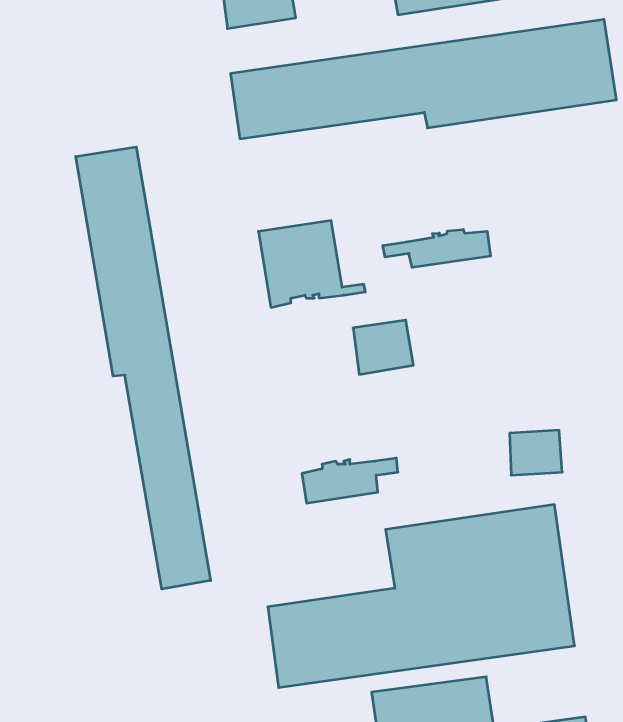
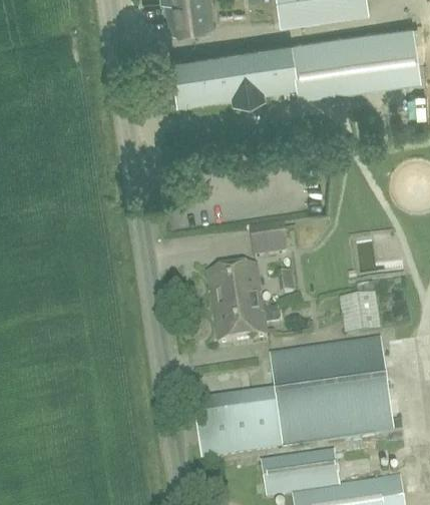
building: [76,147,211,589] -> none
building: [258,221,365,307] -> [208,266,278,322]
building: [383,229,491,267] -> none

